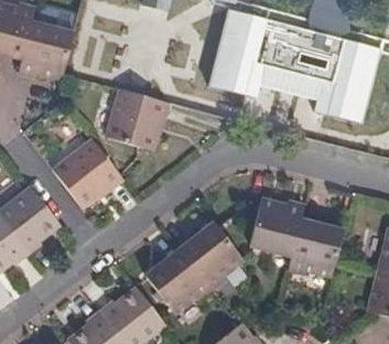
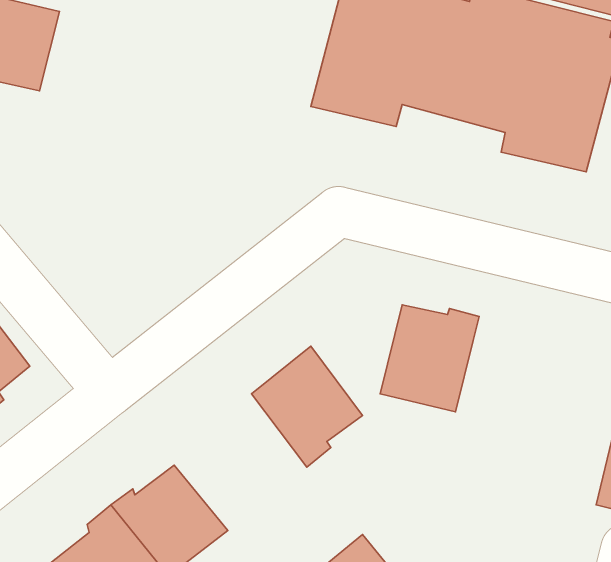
building: [108,90,170,152] -> none
building: [51,143,120,211] -> none
building: [289,216,344,276] -> none
building: [144,246,209,310] -> none

